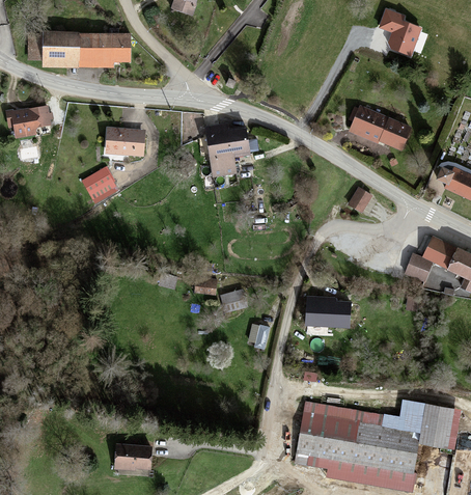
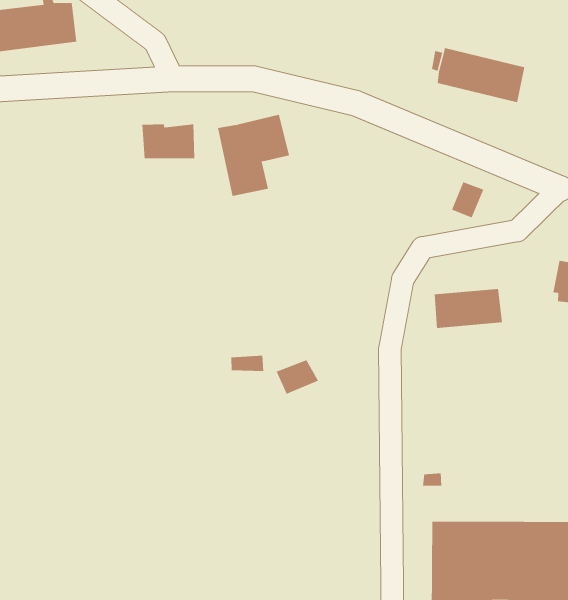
building: [108,132,143,159] -> [141,124,195,159]
building: [84,168,114,195] -> none
building: [303,300,347,325] -> [434,288,503,329]

